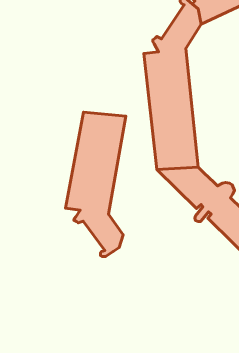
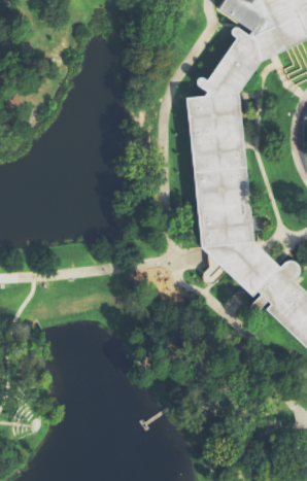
building: [65,112,126,257] -> none

